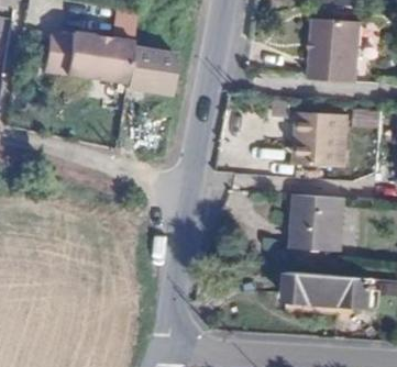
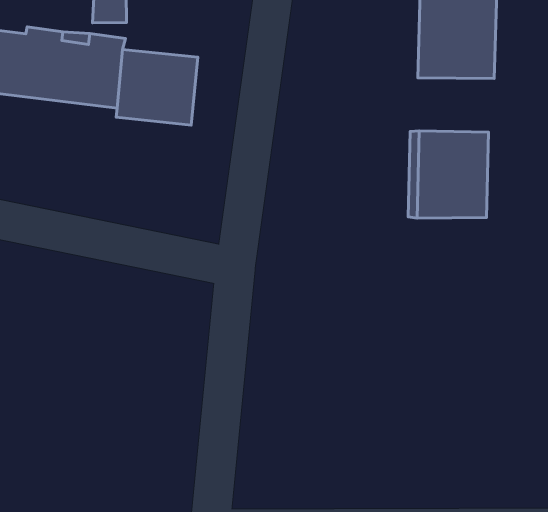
building: [290,193,342,251] -> none
building: [284,273,367,305] -> none

